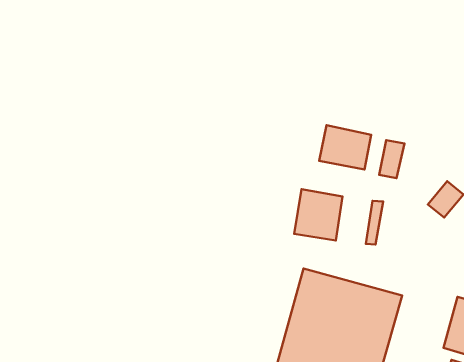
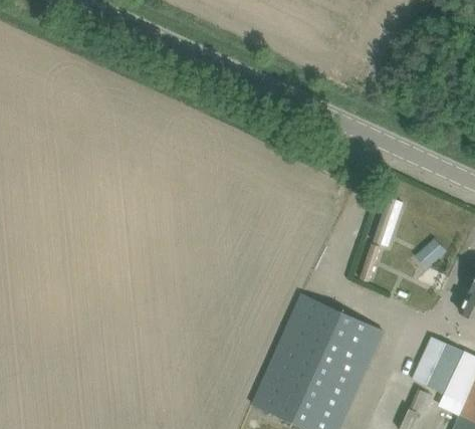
building: [319,125,371,170] -> none
building: [294,189,343,241] -> none

